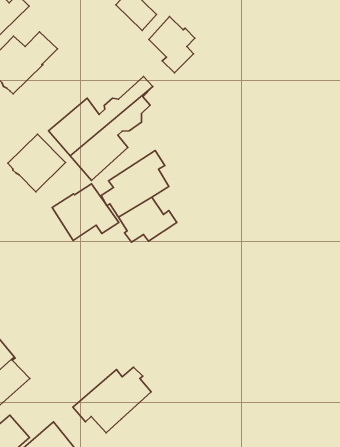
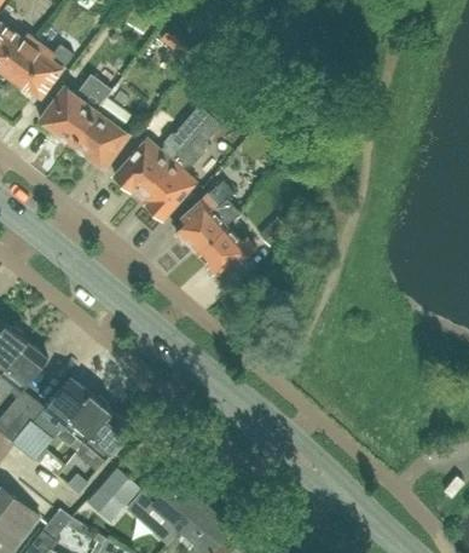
building: [149,16,195,73] -> none
building: [8,134,66,192] -> [71,111,129,169]
building: [52,184,119,240] -> none
building: [73,367,151,433] -> none

